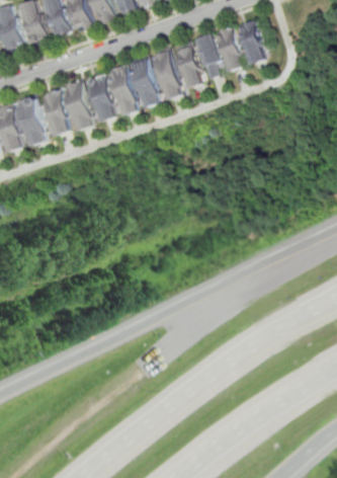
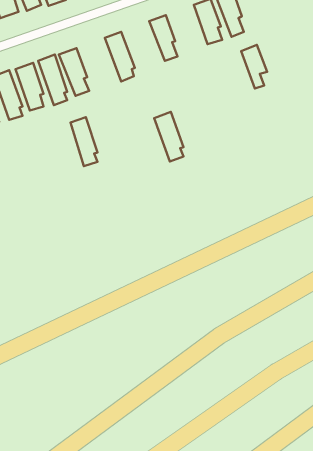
building: [193,33,219,76] -> [241,45,267,88]
building: [150,50,178,98] -> [154,112,183,162]
building: [107,66,134,113] -> [70,117,97,166]

